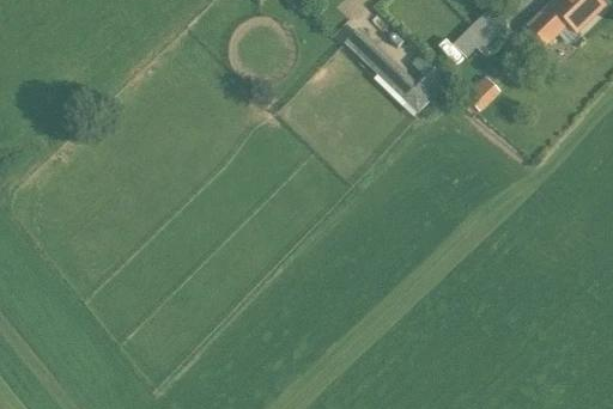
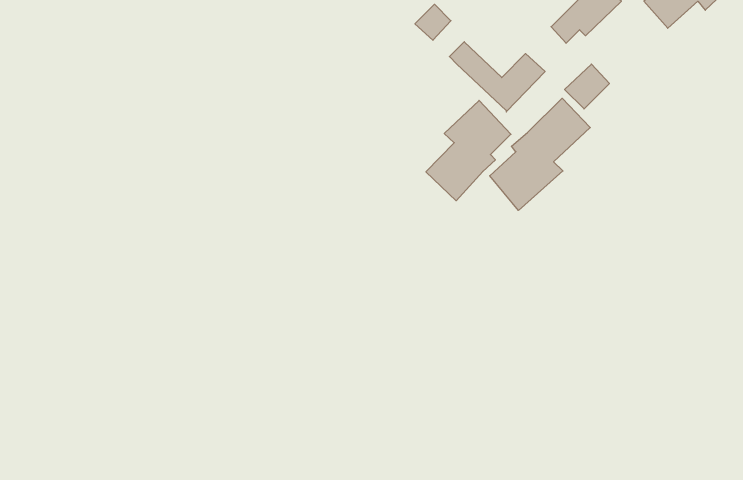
building: none -> [490,98,590,210]
building: none -> [426,100,511,201]

